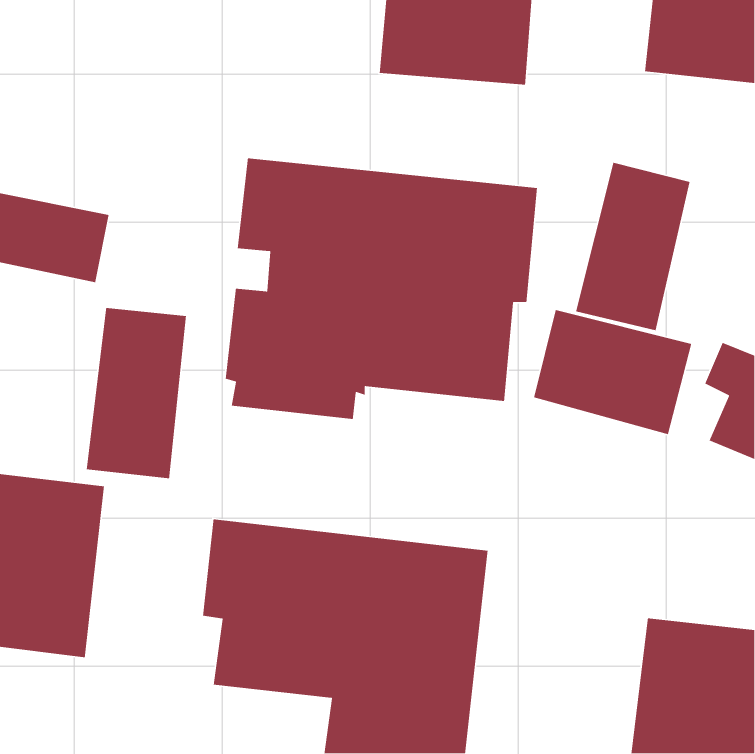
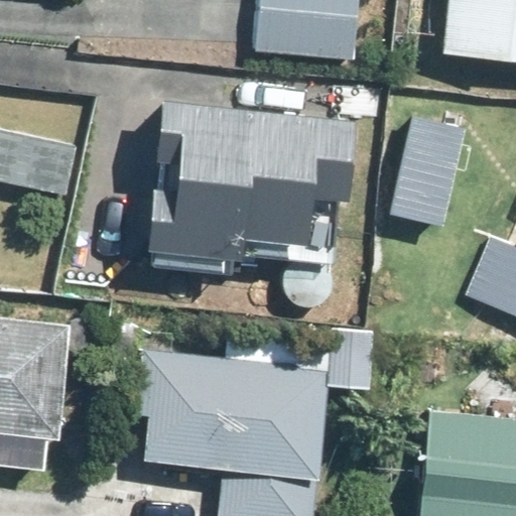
building: [86,307,187,479] -> none
building: [533,309,692,435] -> none

